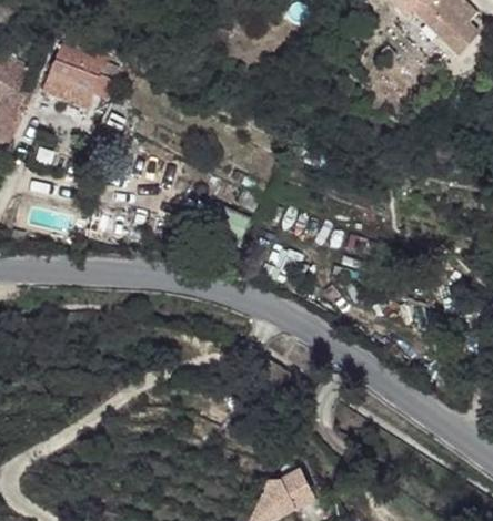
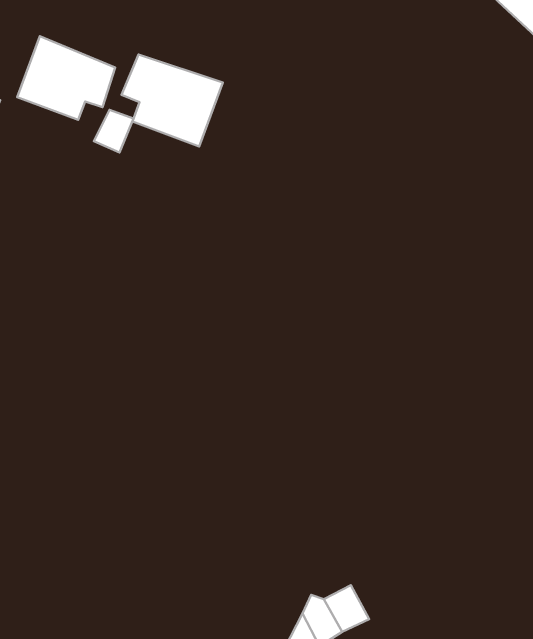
building: none -> [121,55,223,146]

